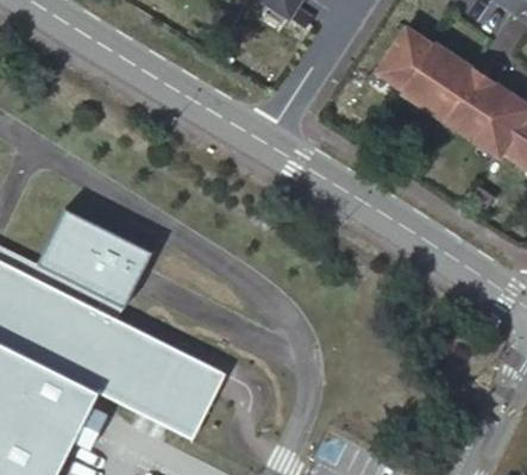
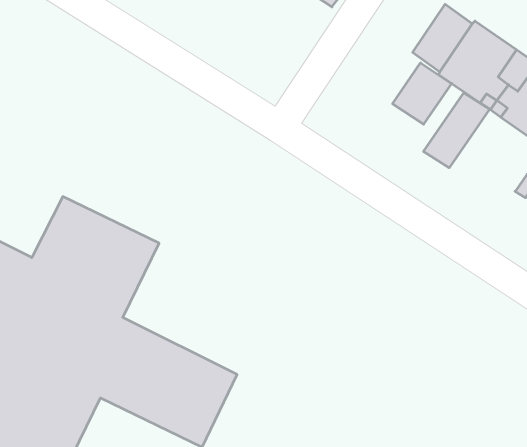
building: none -> [393,63,452,124]
building: none -> [424,93,490,168]

